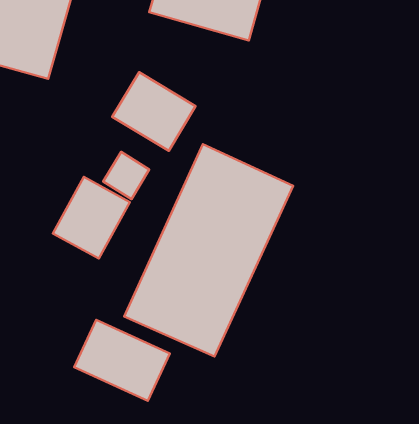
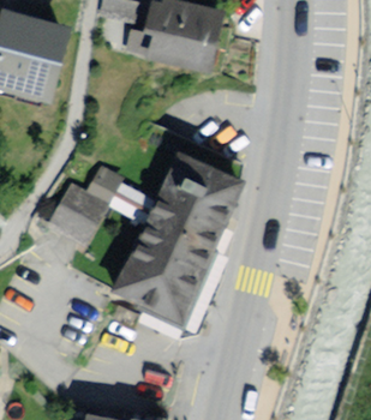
building: [112,72,196,151] -> none
building: [74,320,170,401] -> none

